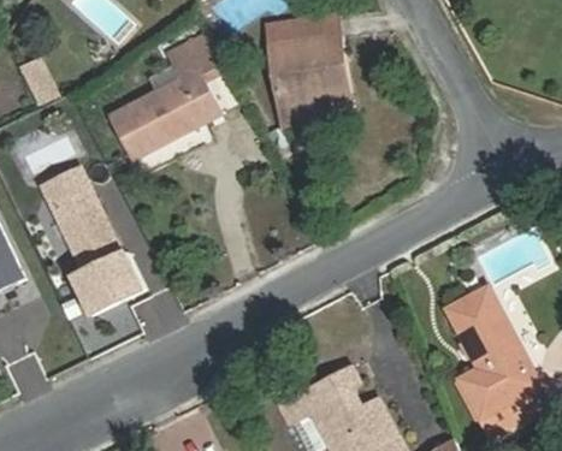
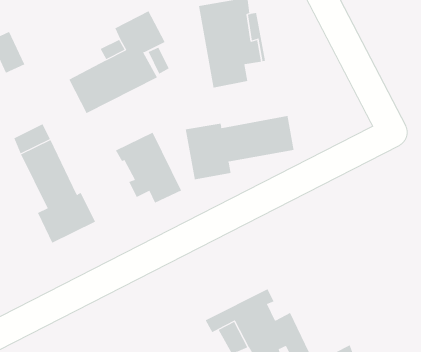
building: none -> [185,115,294,180]
building: none -> [115,132,182,204]
building: [444,286,537,419] -> none

